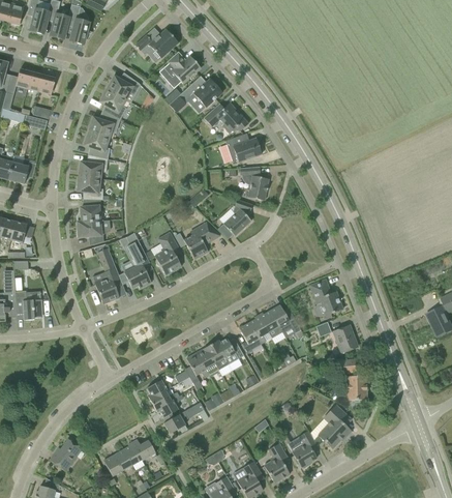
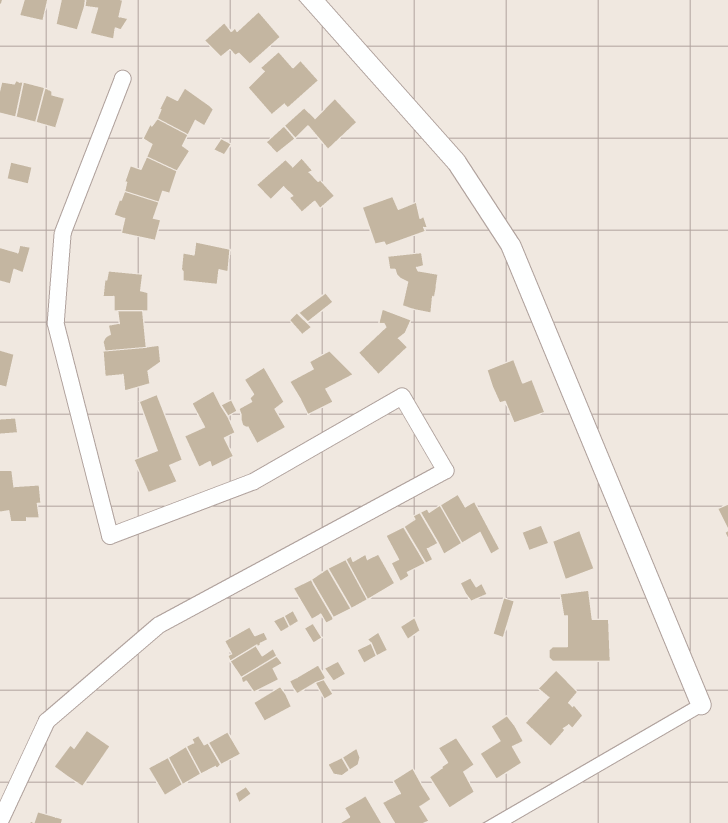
building: [203,101,247,133] -> [256,158,334,212]
building: [79,154,107,178] -> [181,242,230,284]
building: [309,279,342,315] -> [487,359,545,423]

